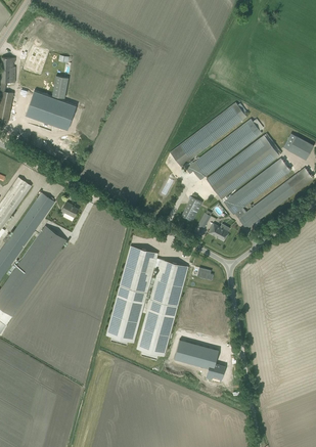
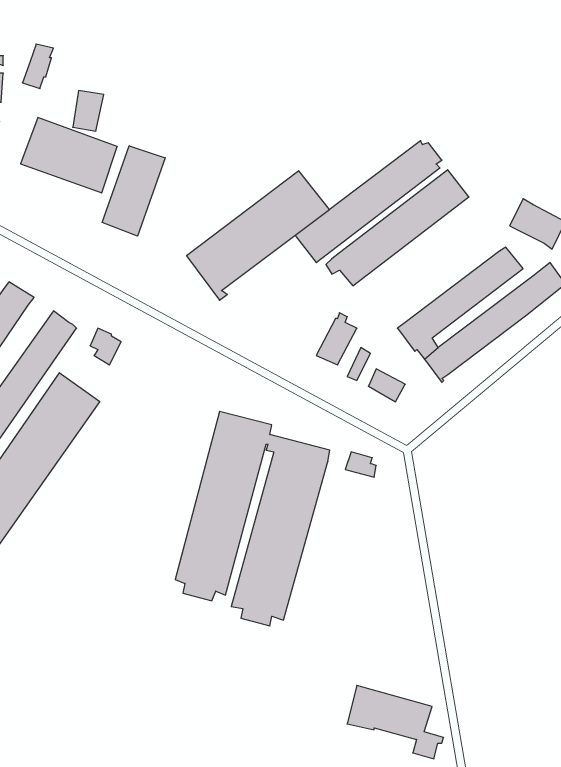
building: none -> [102,146,165,236]
building: [207,133,282,202] -> [187,171,330,300]
building: [174,339,225,377] -> [347,685,444,759]

